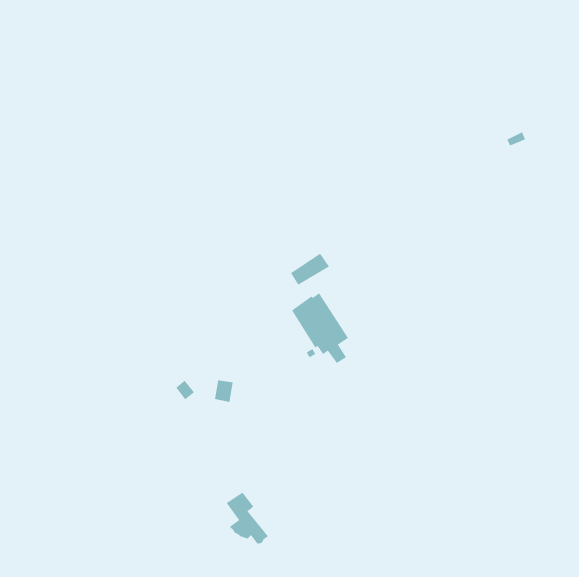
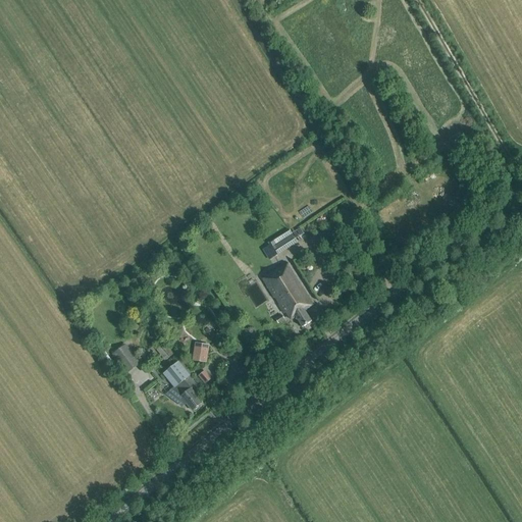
building: none -> [112,343,141,373]
building: [226,492,269,545] -> [164,362,203,410]

